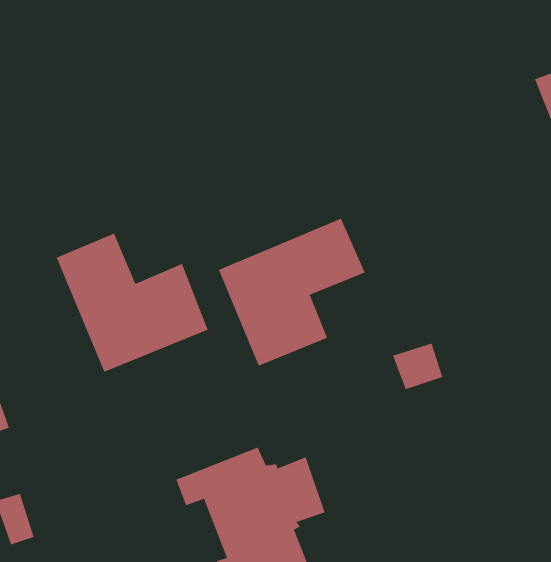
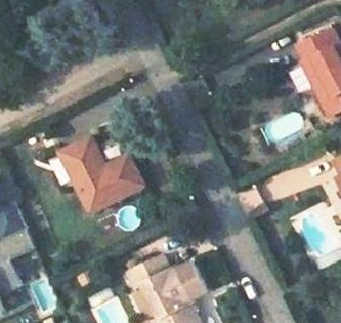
building: [218,218,366,367] -> none

